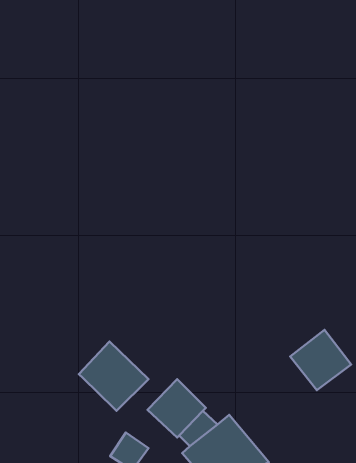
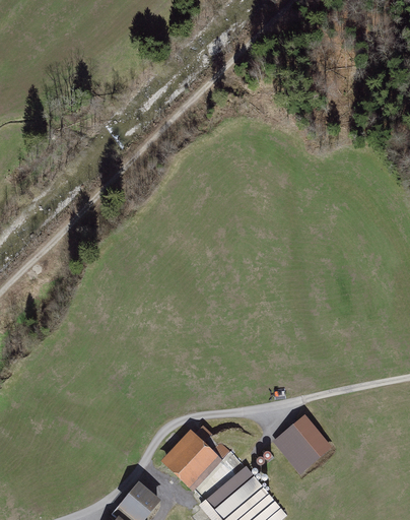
building: [290,330,351,390] -> [270,413,333,475]
building: [79,341,149,411] -> none

